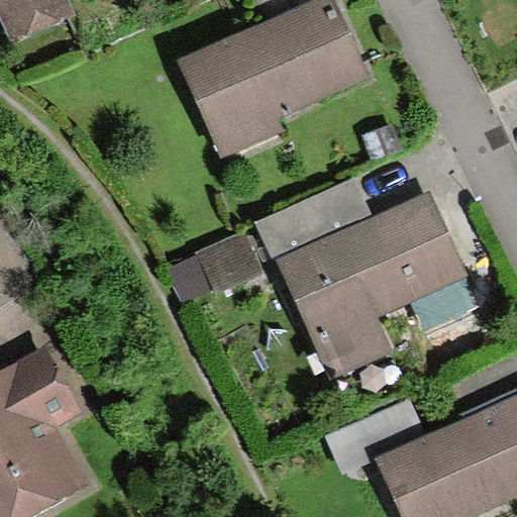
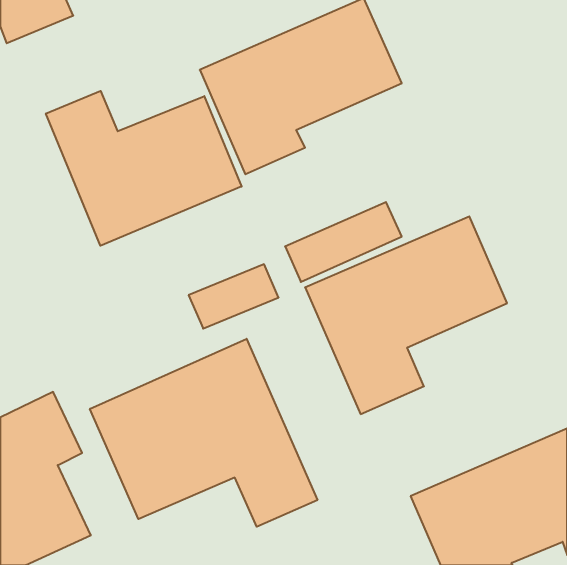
building: none -> [46,91,242,246]
building: none -> [90,339,317,527]

